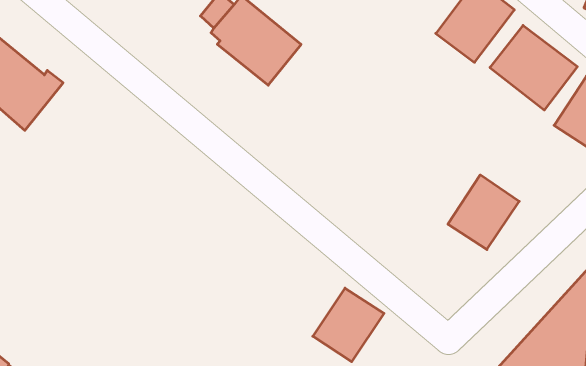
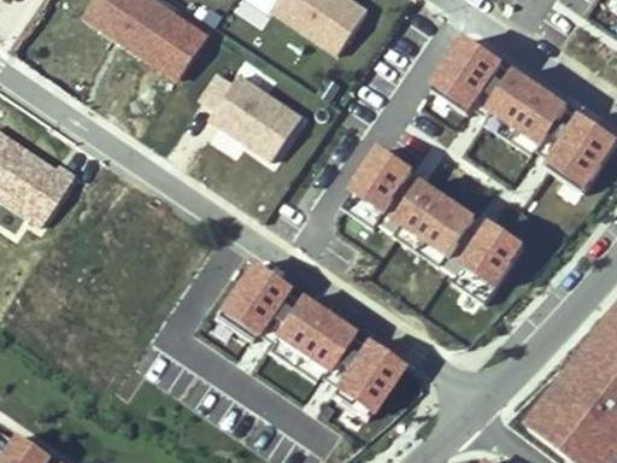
building: none -> [340,143,416,224]
building: none -> [395,183,483,265]
building: none -> [216,266,292,347]
building: none -> [271,306,359,388]

